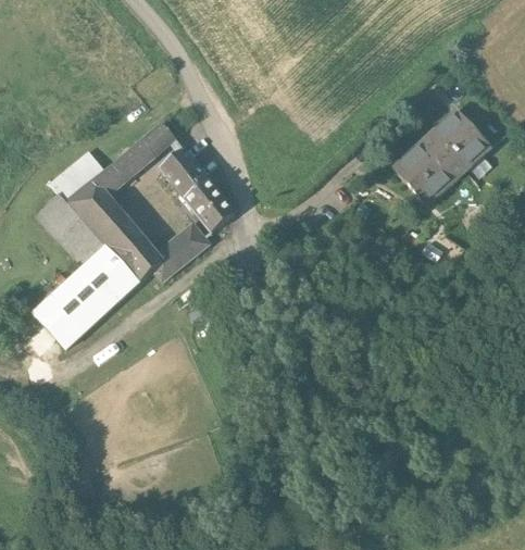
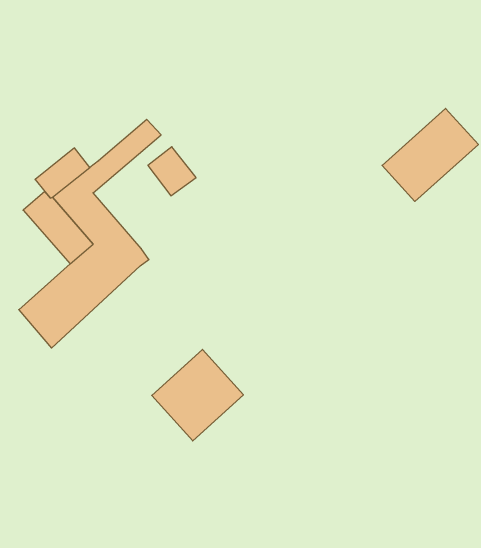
building: [185,179,235,230] -> none
building: [154,221,210,278] -> none
building: none -> [152,349,243,441]

